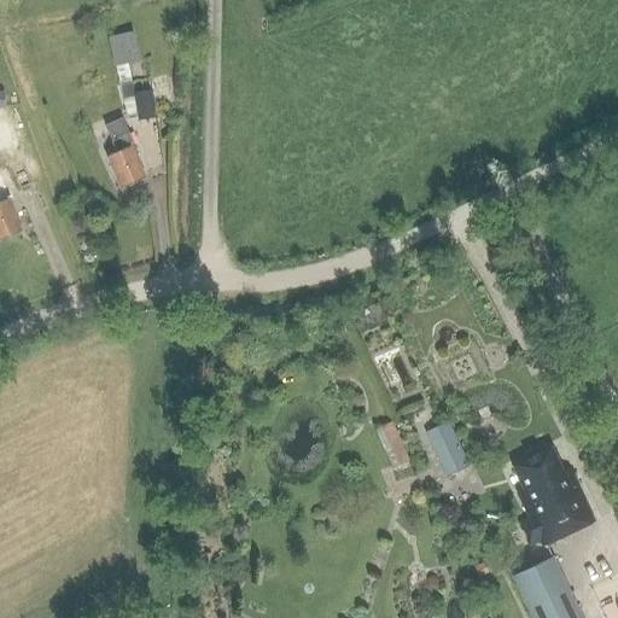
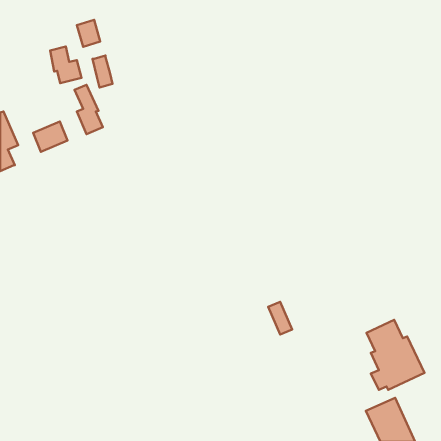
building: none -> [50,47,81,83]
building: none -> [33,121,68,152]
building: [426,424,471,479] -> none

